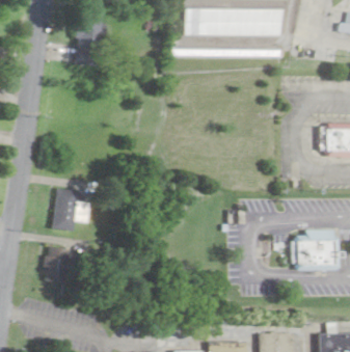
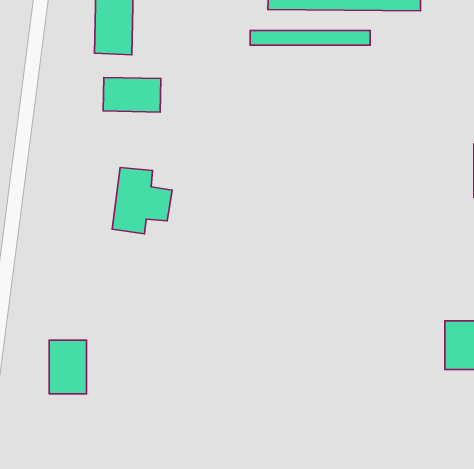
building: none -> [103,77,161,112]
building: [51,188,89,231] -> [112,167,172,234]

